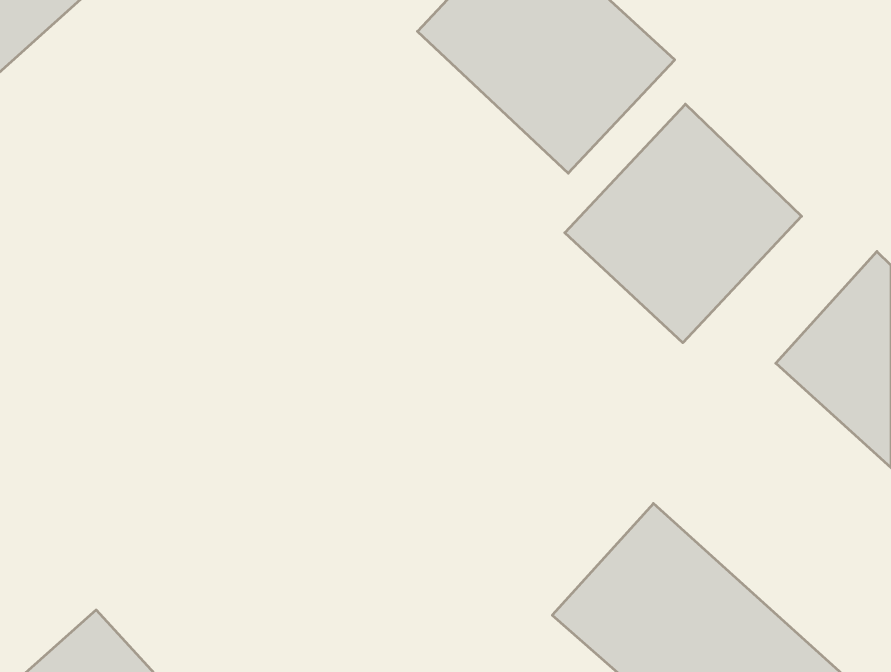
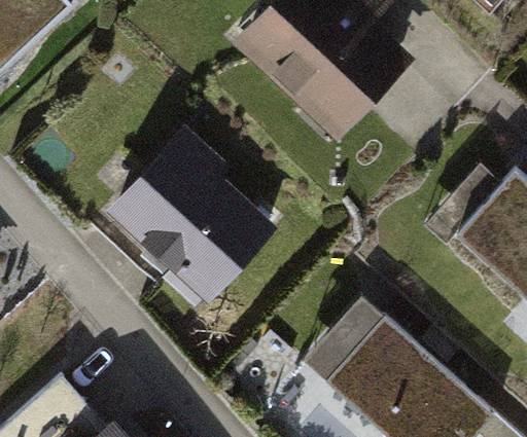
building: [565,104,802,343] -> none
building: none -> [116,145,267,304]

